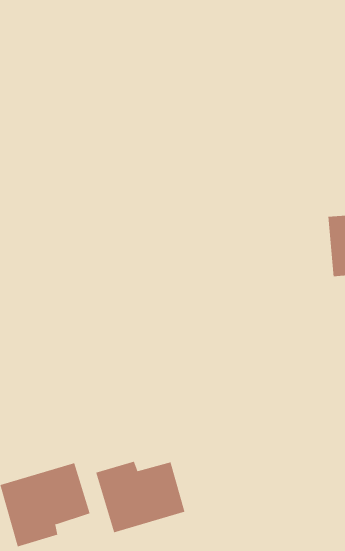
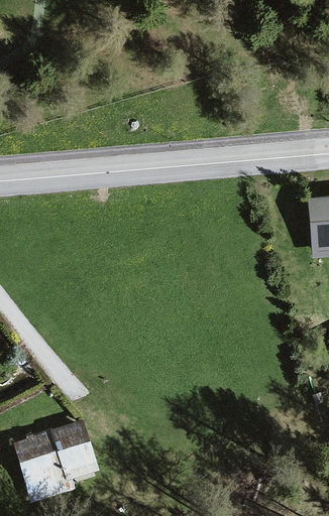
building: [95,461,185,533] -> none

